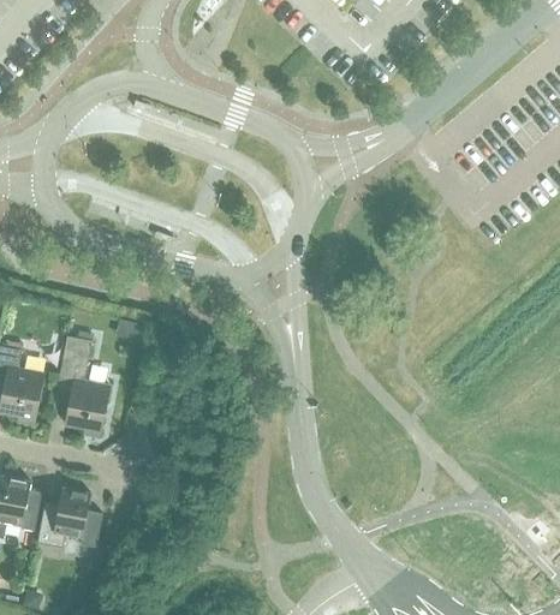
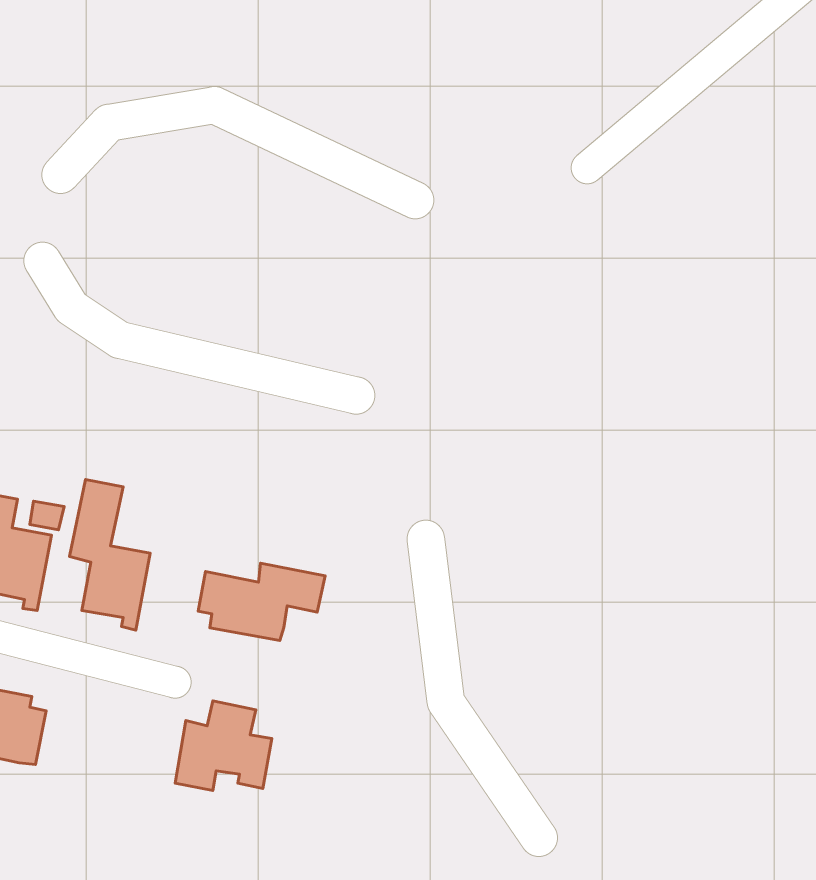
building: none -> [198,563,325,641]
building: [37,488,102,548] -> [175,701,272,790]

